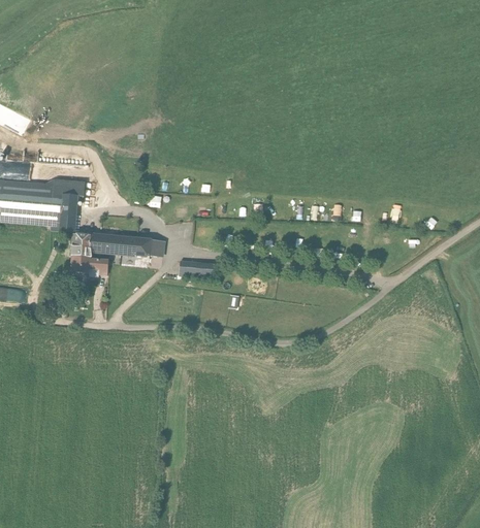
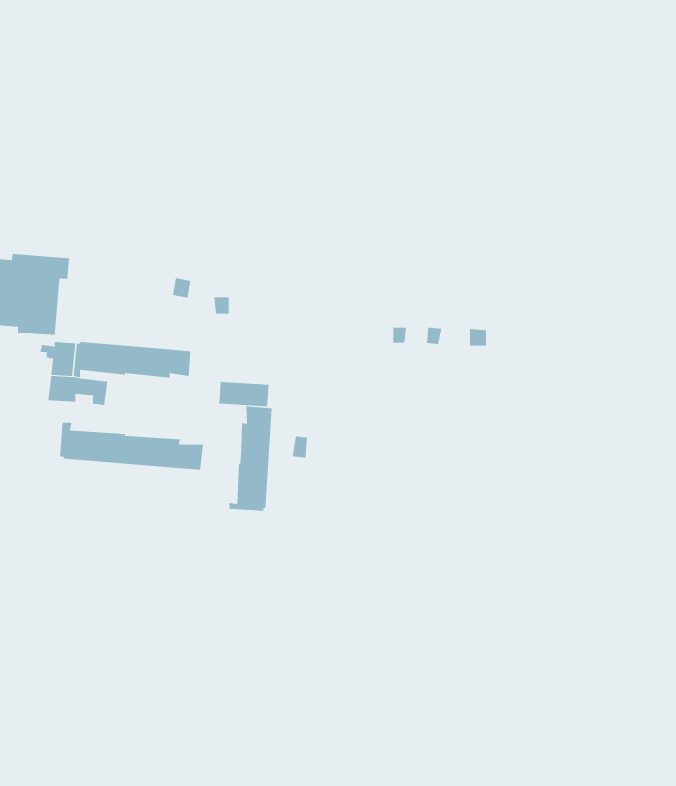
building: none -> [229,406,272,511]
building: none -> [60,422,203,471]

